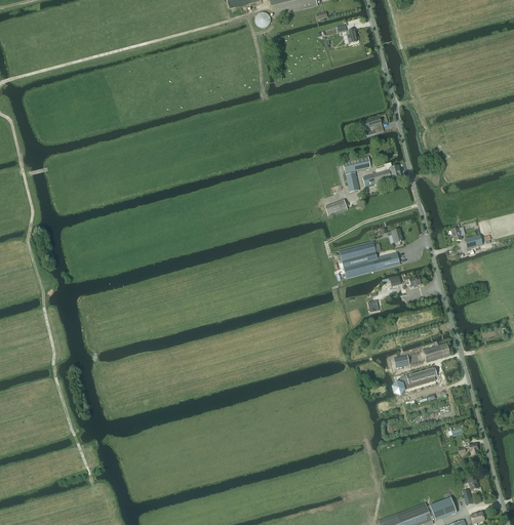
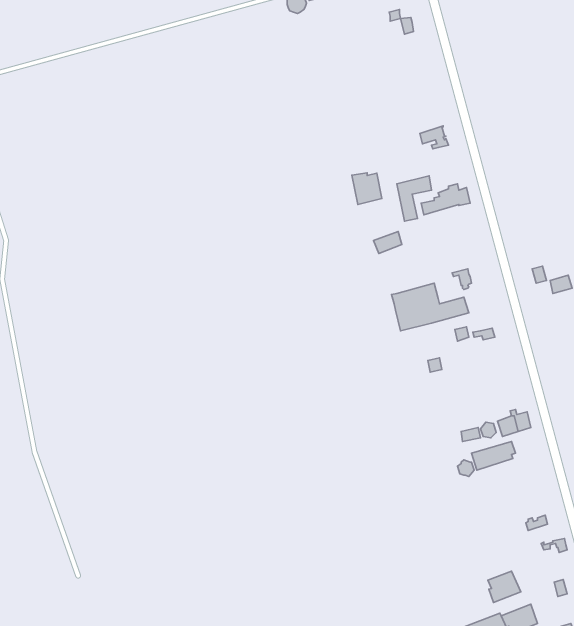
building: none -> [352,173,382,205]
building: none -> [488,571,521,603]

